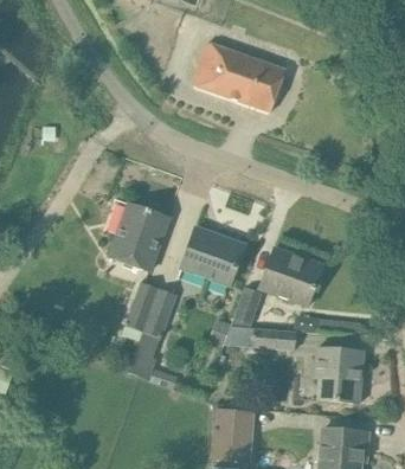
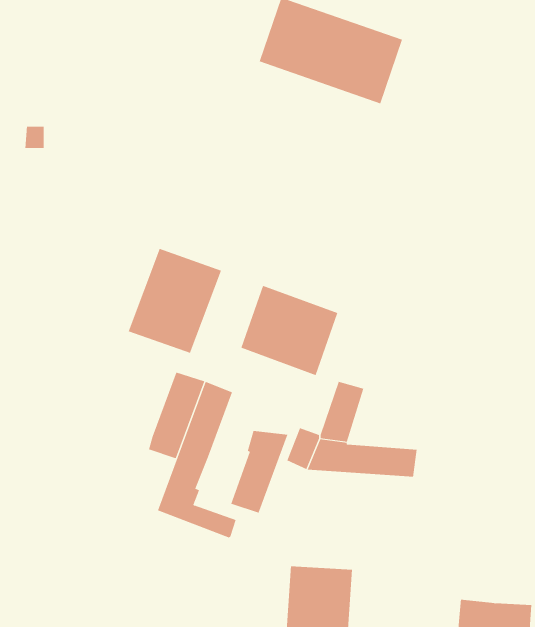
building: [259,248,323,306] -> none
building: none -> [231,430,288,513]
building: [314,347,364,403] -> none

